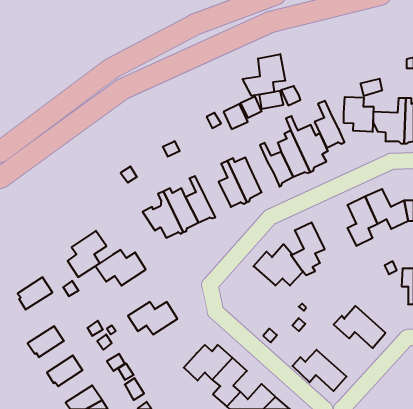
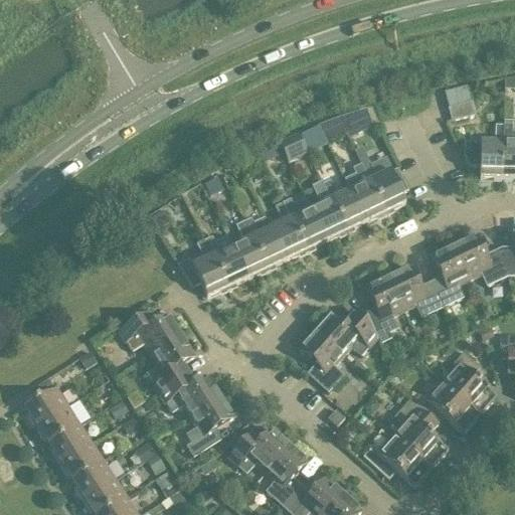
building: [243,54,285,96] -> none
building: [344,97,374,132] -> none
building: [315,101,345,148] -> [311,180,348,238]
building: none -> [243,213,288,270]
building: none -> [388,266,444,315]
building: [68,231,106,277] -> [147,334,195,391]
building: none -> [300,330,344,390]
building: [18,277,52,310] -> [25,385,68,425]
building: none -> [443,349,497,412]
building: none -> [186,395,234,455]
building: none -> [394,397,449,467]
building: none -> [49,422,92,462]
building: none -> [73,459,116,499]

